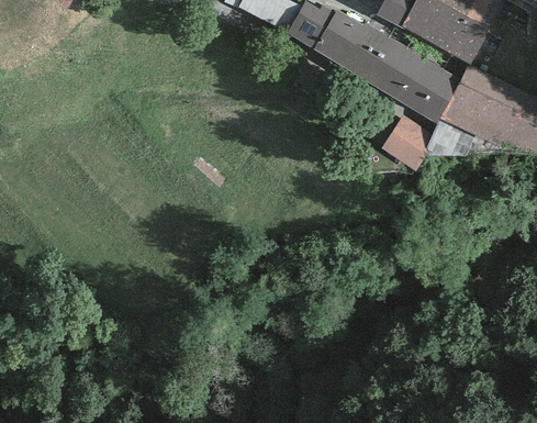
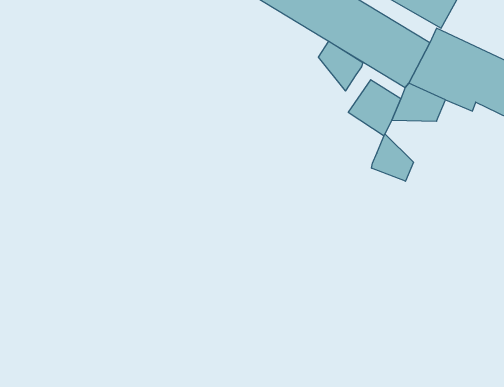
building: none -> [318,41,363,91]
building: none -> [372,134,413,181]

